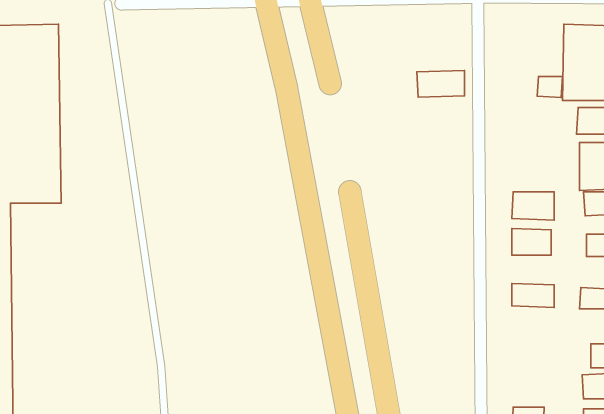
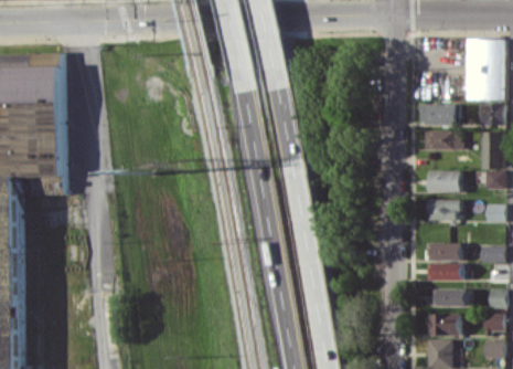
building: [417,71,465,97] -> [419,104,457,125]
building: none -> [424,129,461,149]
building: none -> [428,262,462,281]
building: none -> [432,288,467,306]
building: none -> [428,313,459,335]

